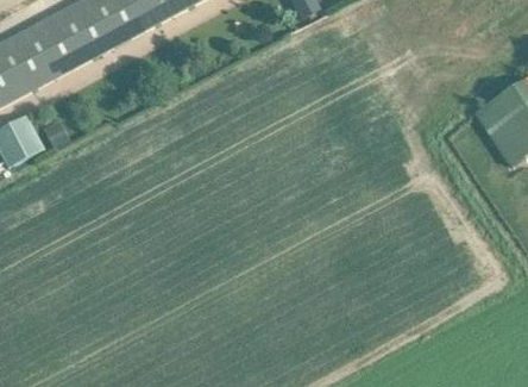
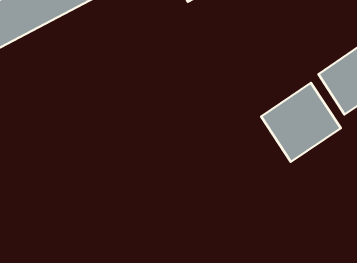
building: none -> [261,83,341,162]

